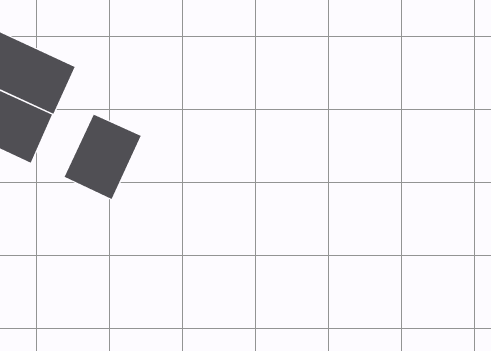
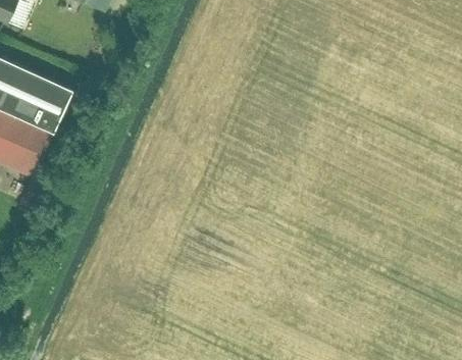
building: [64,114,141,200] -> none

